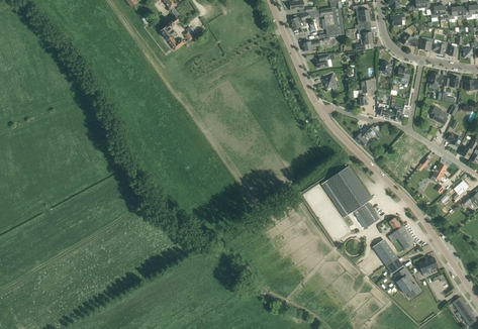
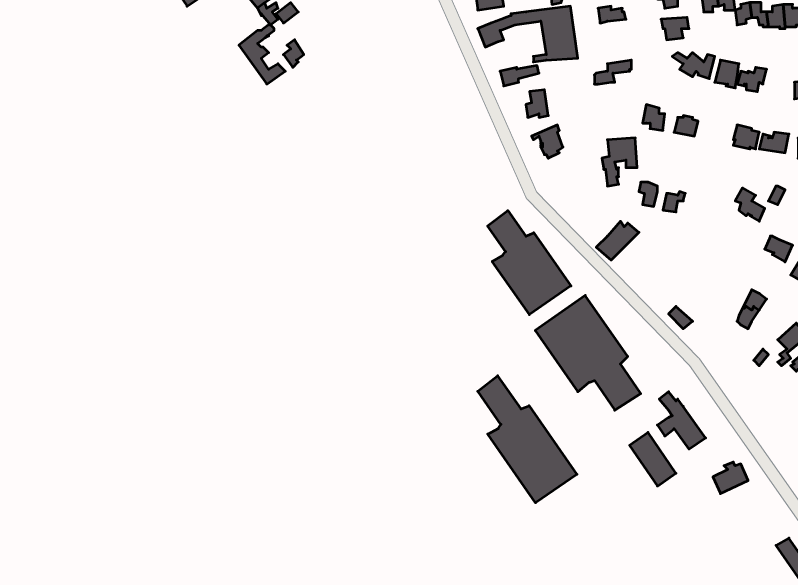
building: none -> [488,211,571,315]
building: none -> [478,376,577,503]
building: [394,266,420,298] -> none

